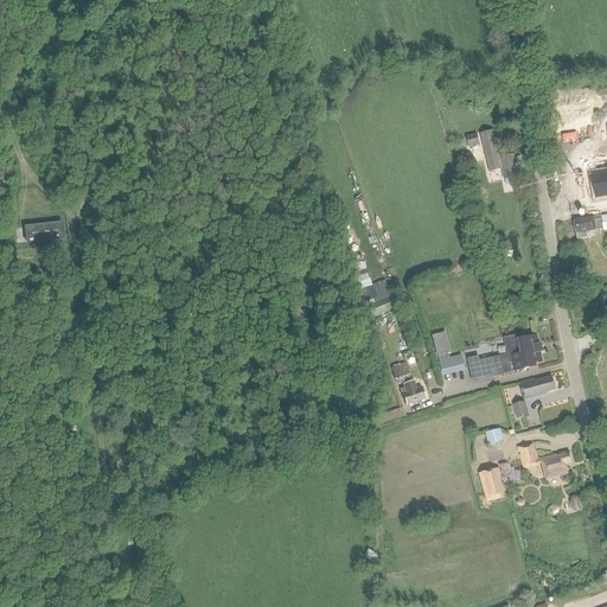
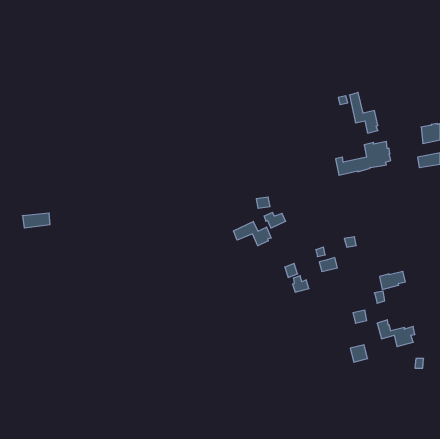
building: [24,219,62,239] -> [22,213,50,228]
building: none -> [234,221,271,246]
building: [466,332,542,378] -> [336,141,391,175]

